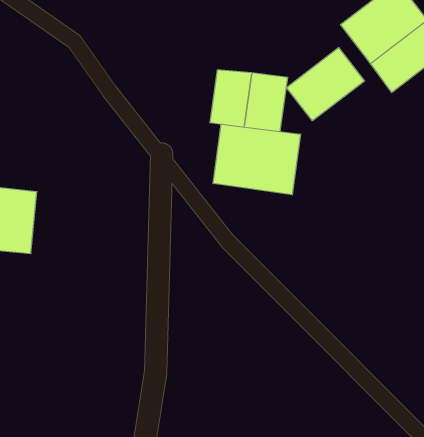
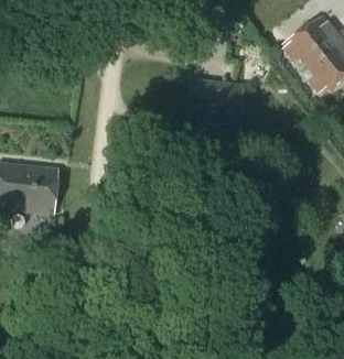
building: [286,48,365,121] -> none
building: [213,124,301,195] -> none

